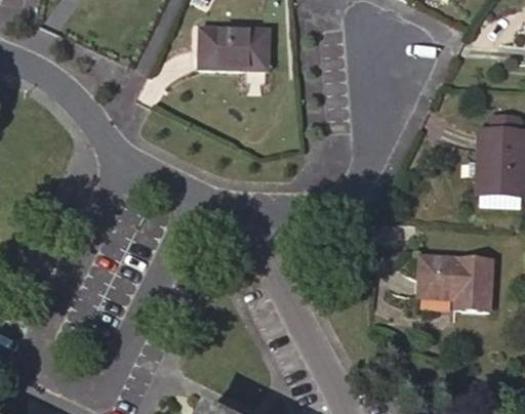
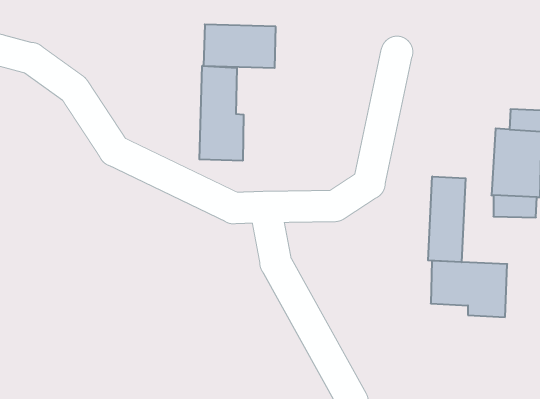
building: none -> [199,66,244,161]
building: none -> [428,176,466,262]

